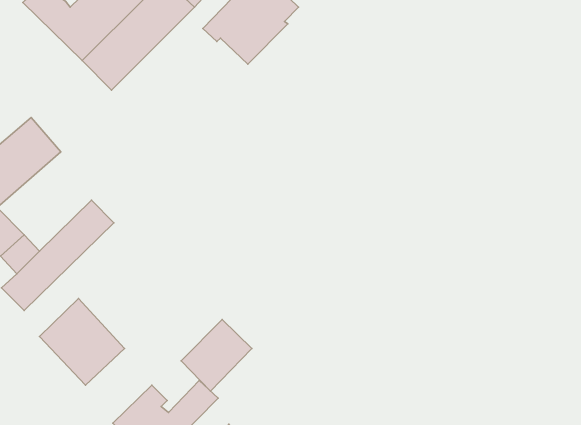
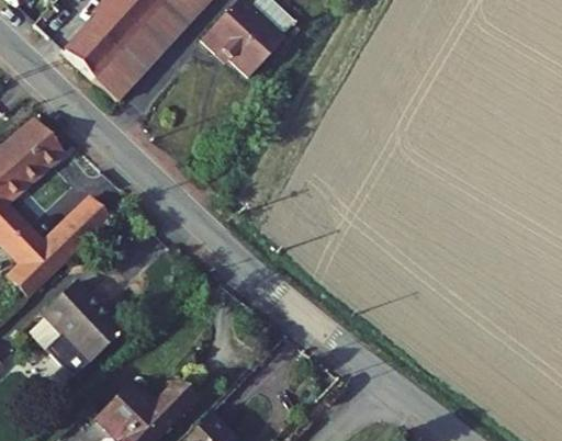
building: [181,319,252,391] -> none

